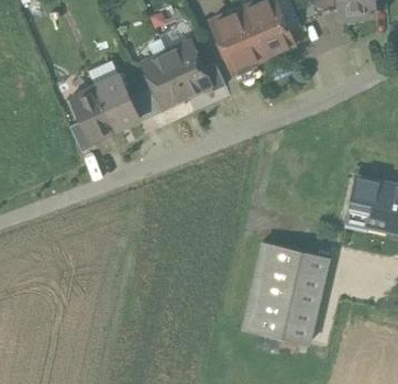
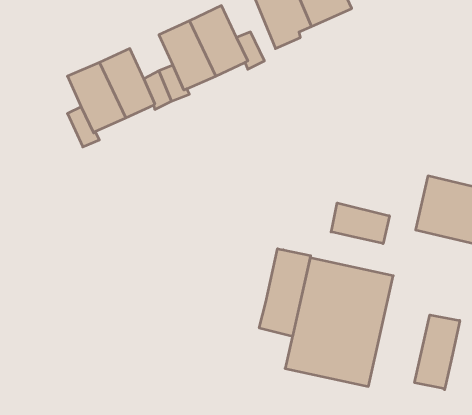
building: none -> [331,203,389,244]
building: none -> [259,249,311,336]
building: none -> [415,315,460,390]

